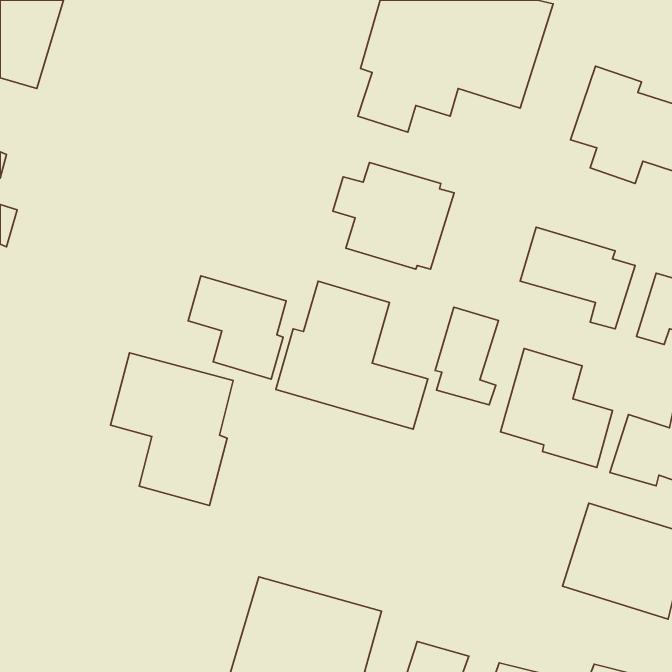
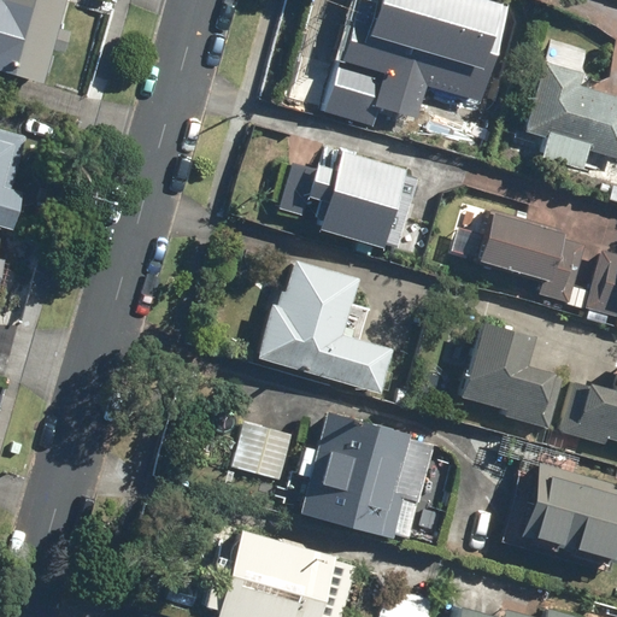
building: [188,276,286,379] -> none
building: [435,307,498,405] -> none
building: [111,353,233,506] -> none
building: none -> [298,410,410,539]
building: none -> [228,421,290,482]

